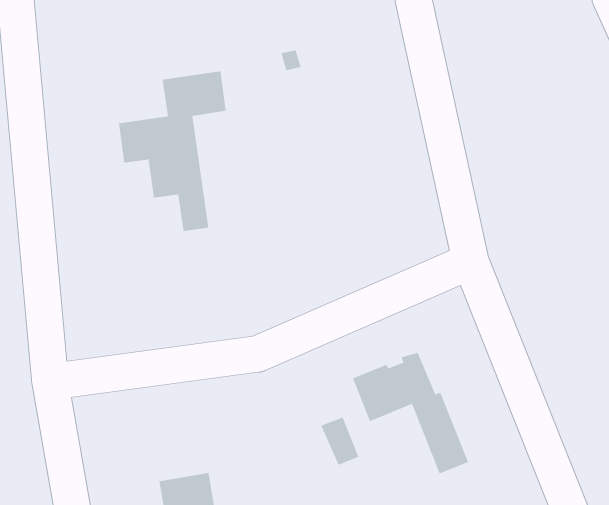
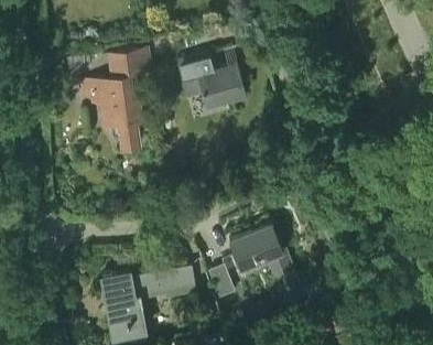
building: none -> [177,54,243,106]
building: none -> [101,268,195,308]

